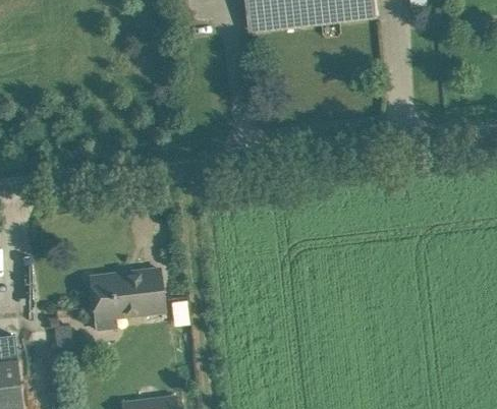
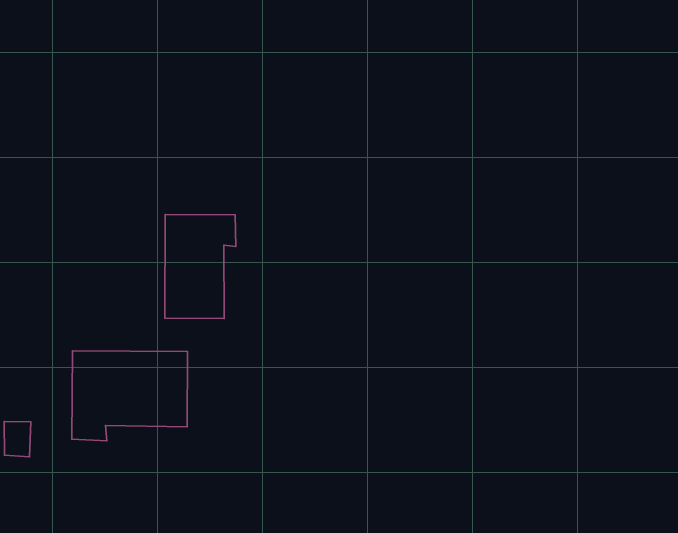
building: none -> [165,215,236,319]

